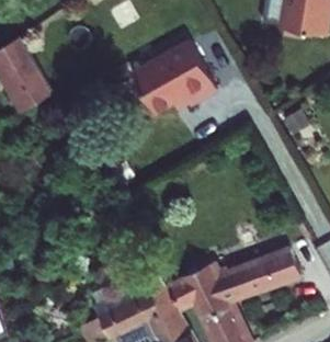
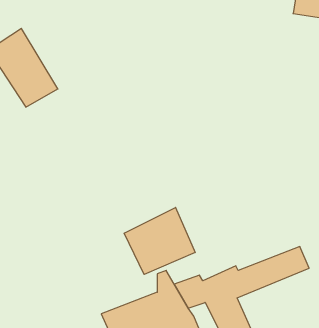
building: [138,41,223,113] -> none
building: none -> [124,207,195,274]

